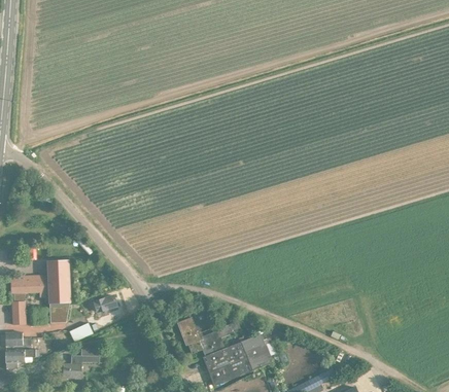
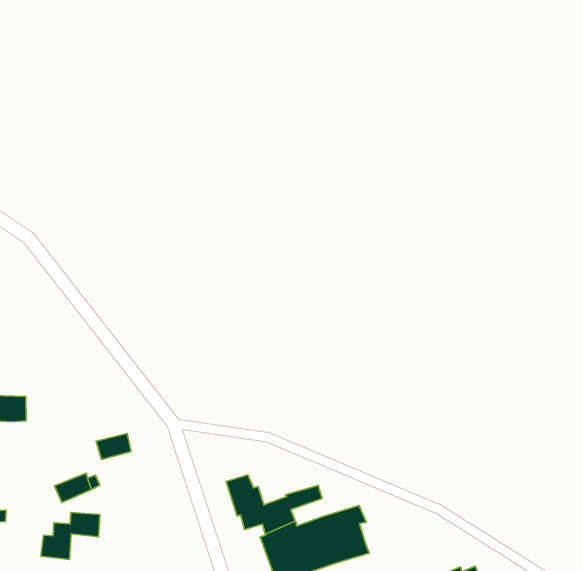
building: [47,260,70,323] -> none

